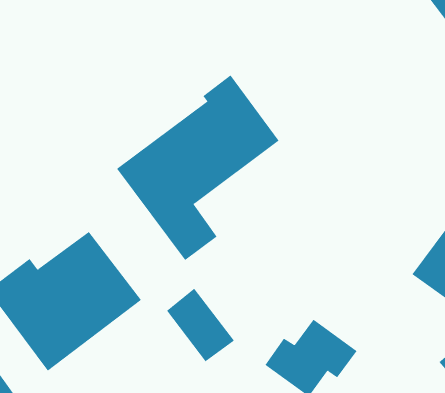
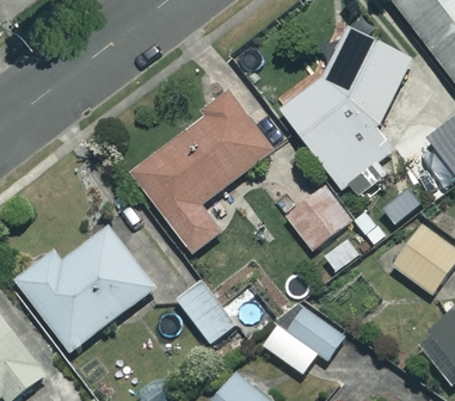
building: none -> [278,29,411,189]
building: none -> [284,186,349,249]

